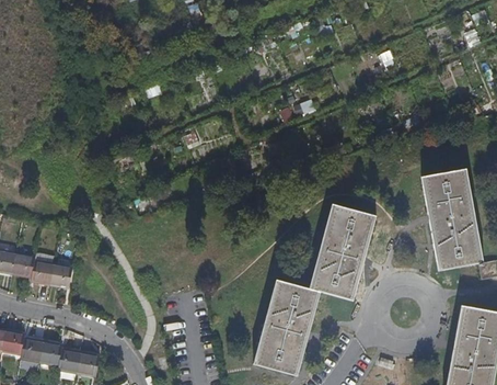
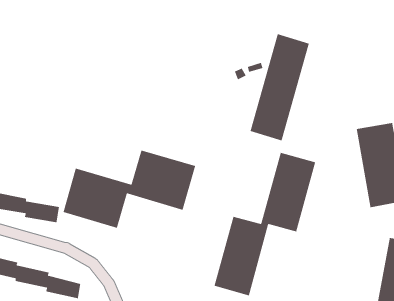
building: none -> [249,33,310,142]
building: none -> [63,149,196,229]

